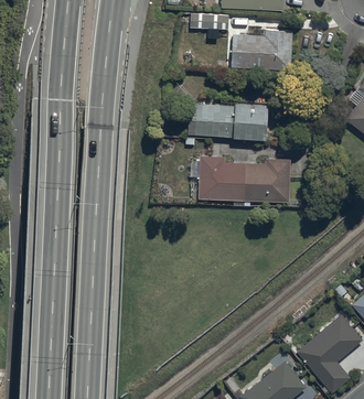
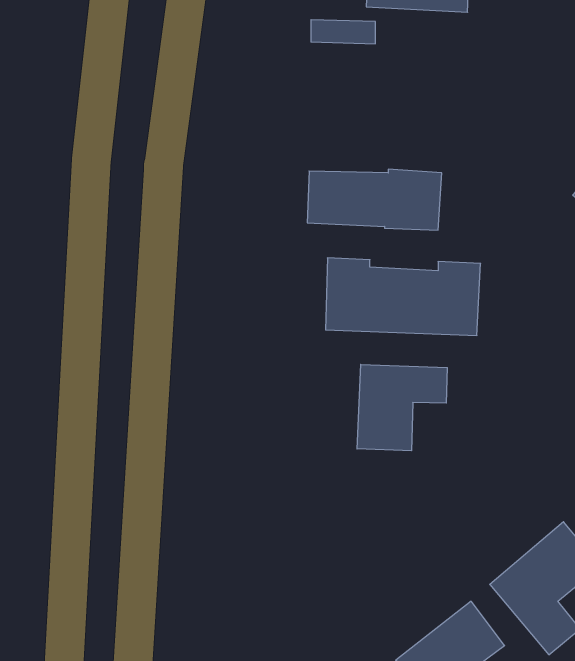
building: [232,30,292,69] -> none
building: none -> [357,364,447,451]

